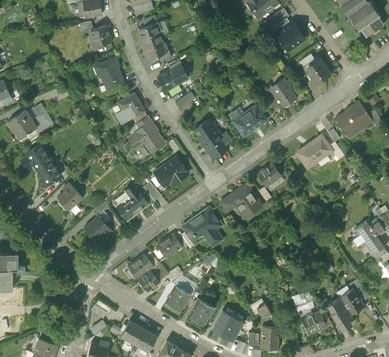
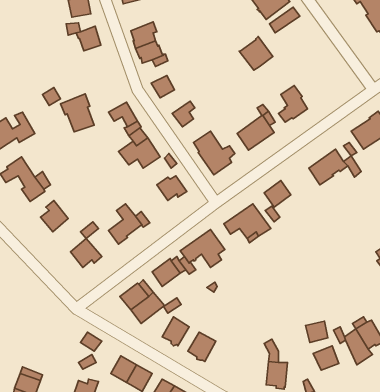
building: [275,21,305,51] -> [239,37,273,70]
building: [94,56,124,90] -> [61,94,94,132]
building: [304,58,331,85] -> none
building: [212,312,242,341] -> none

